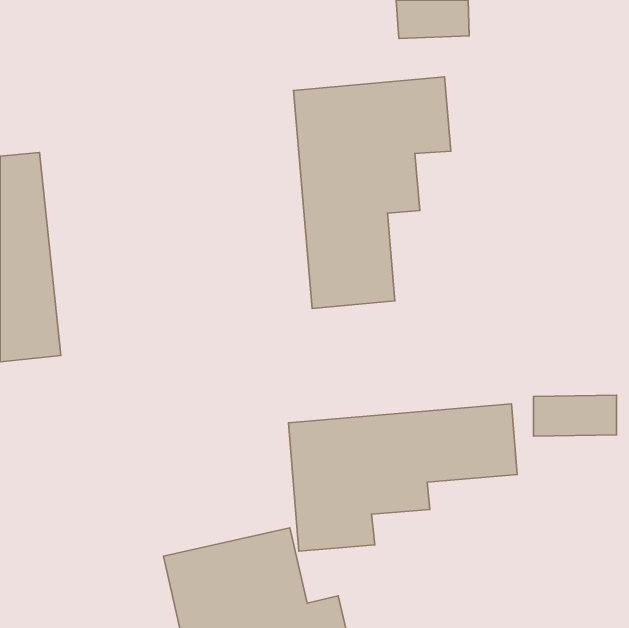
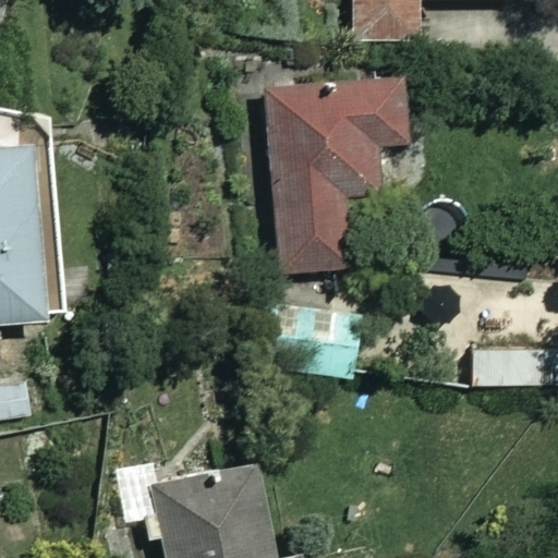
building: [289,404,517,551] -> none

